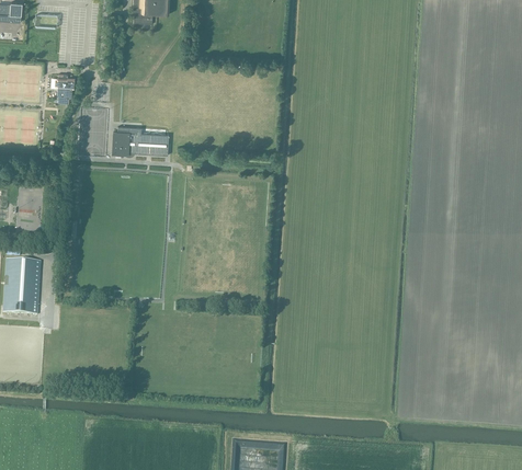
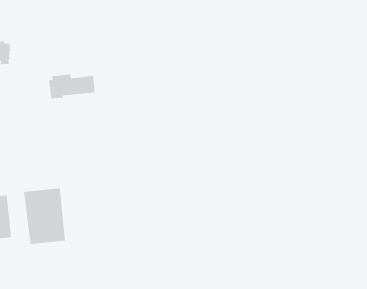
building: none -> [23,188,66,245]

